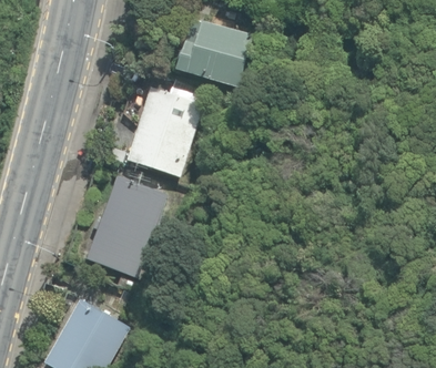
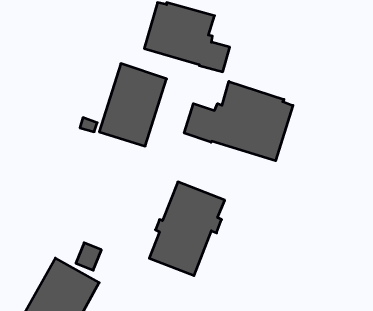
building: none -> [184,81,293,161]
building: [87,174,169,276] -> [149,182,225,276]

